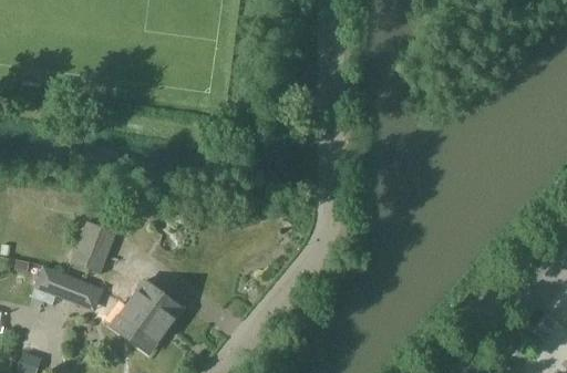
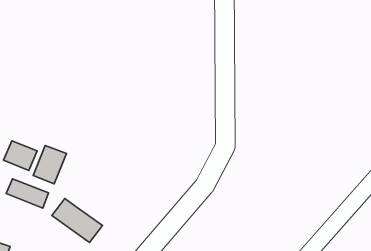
building: none -> [4,141,37,170]
building: [123,274,183,330] -> none

